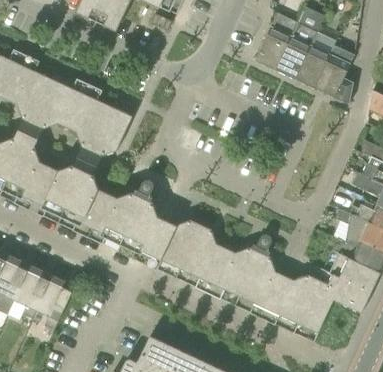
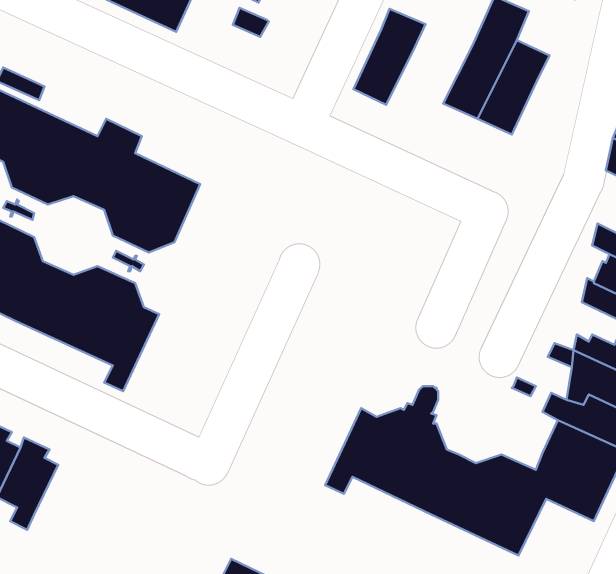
building: [255,14,297,70] -> [354,9,426,105]
building: [314,46,354,105] -> none
building: [87,180,226,293] -> none
building: [35,276,72,330] -> none

